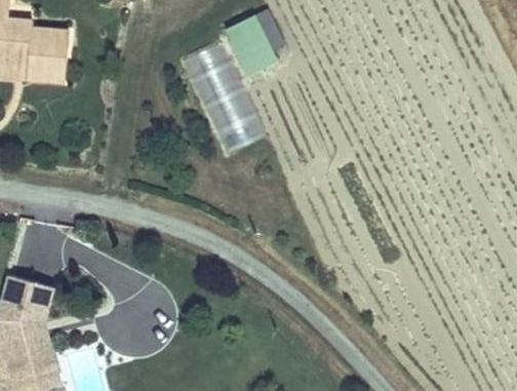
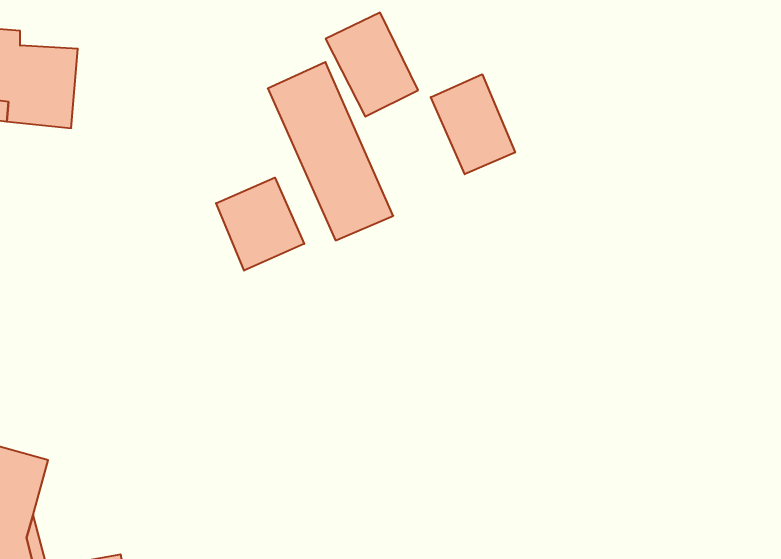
building: none -> [431,74,515,174]
building: none -> [216,178,304,271]

